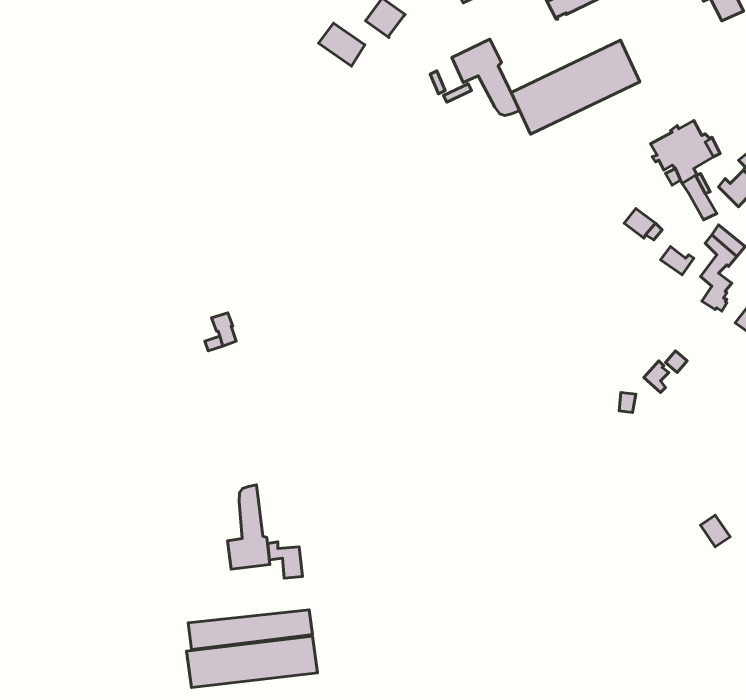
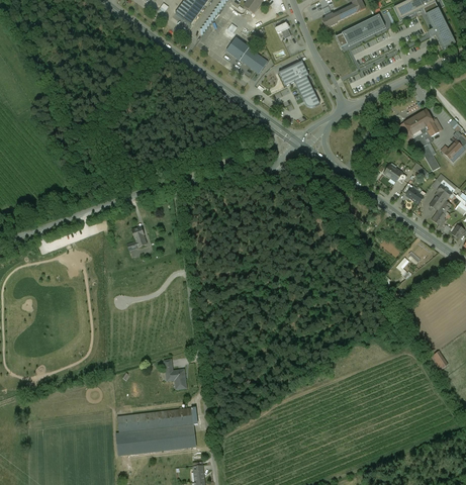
building: [318,23,365,66] -> [239,46,267,73]
building: [511,40,640,134] -> none
building: [227,485,270,569] -> none

